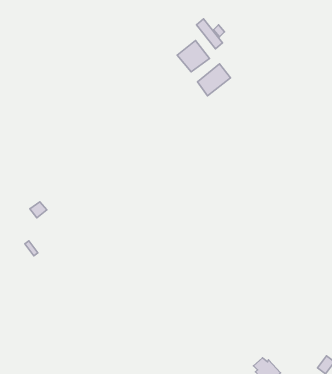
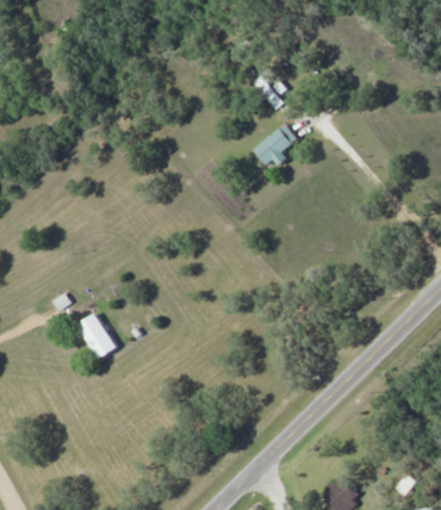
building: [177,41,209,72] -> none
building: none -> [79,315,116,356]

